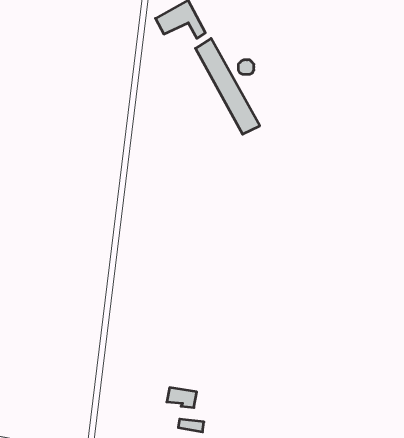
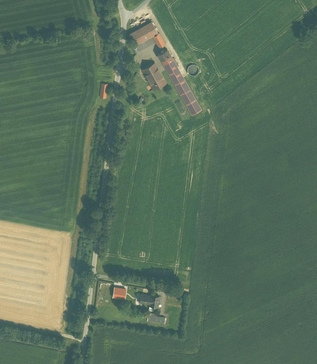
building: none -> [141,63,166,90]

